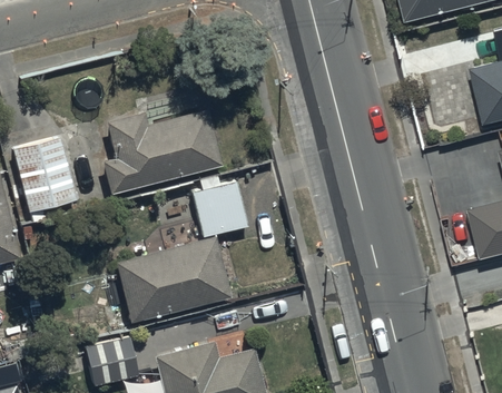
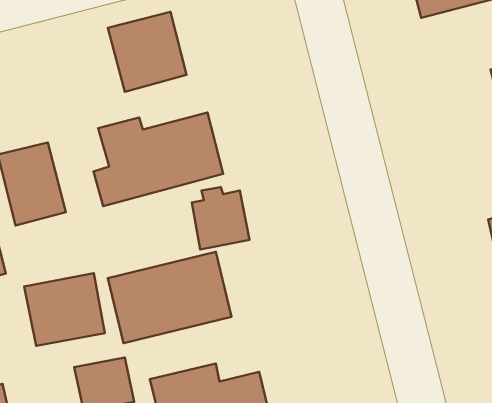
building: none -> [108,12,187,92]
building: none -> [24,273,105,346]

